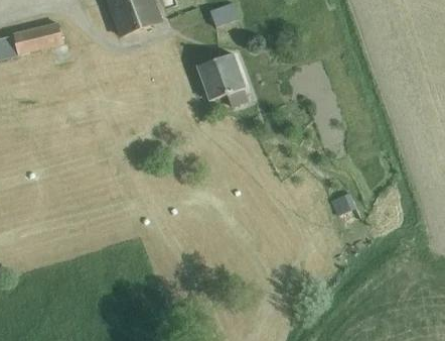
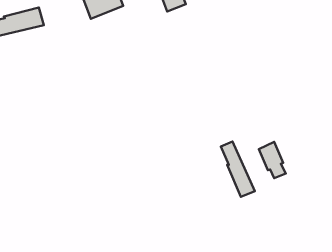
building: [200,59,250,110] -> none
building: none -> [221,141,255,197]

